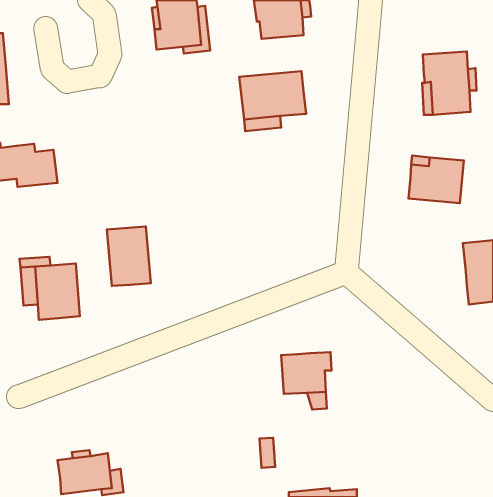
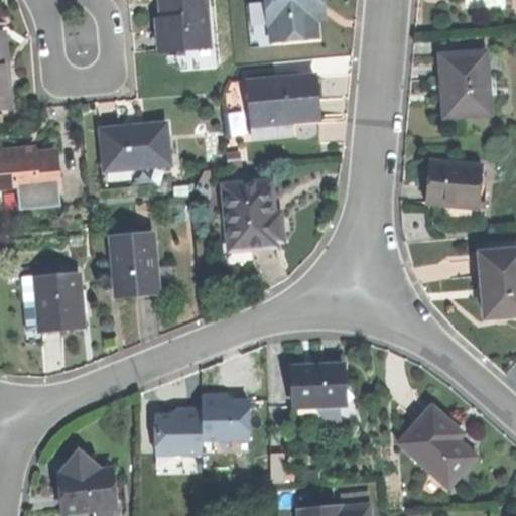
building: none -> [107,124,170,169]
building: none -> [222,180,283,248]
building: none -> [145,392,243,456]
building: none -> [399,407,477,489]

